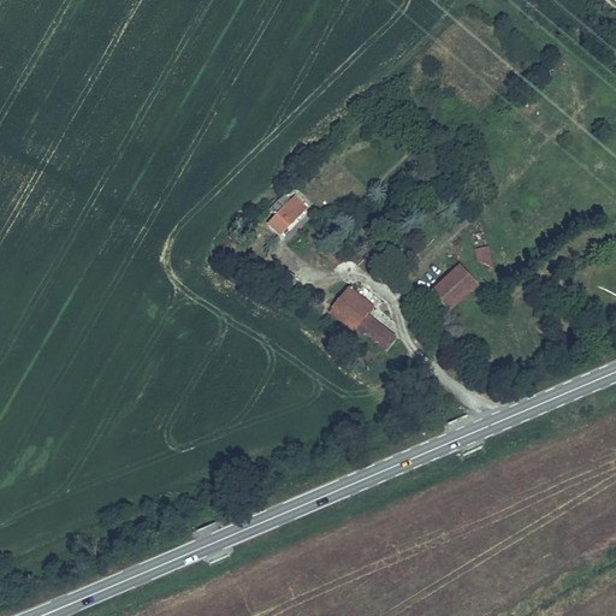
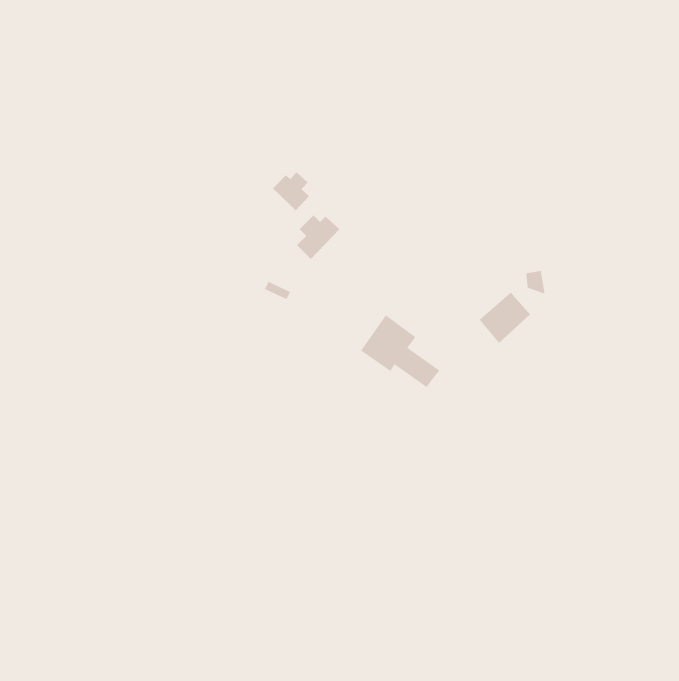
building: none -> [272,172,310,211]

